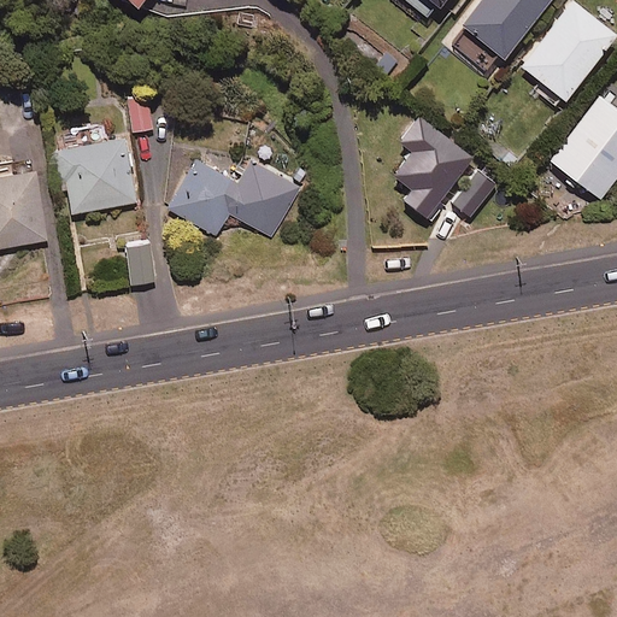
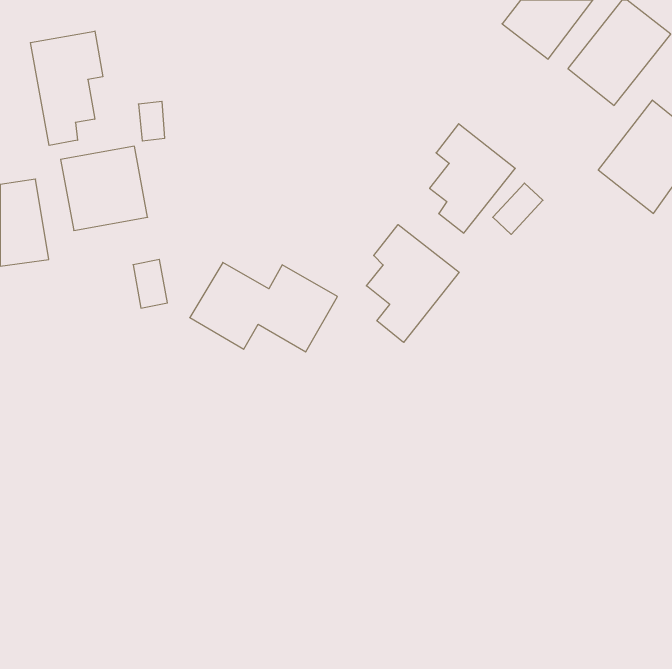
building: none -> [30,31,103,145]
building: [168,159,302,241] -> [190,262,337,352]
building: none -> [366,225,459,342]

